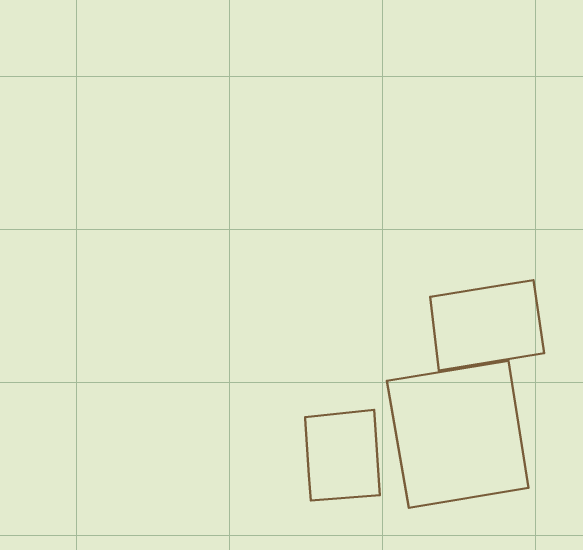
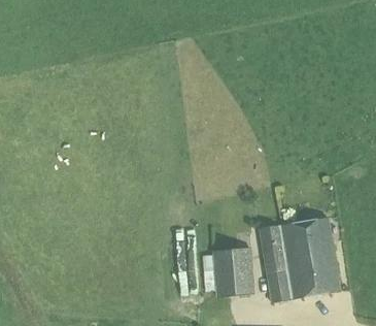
building: [430,280,544,370] -> none

